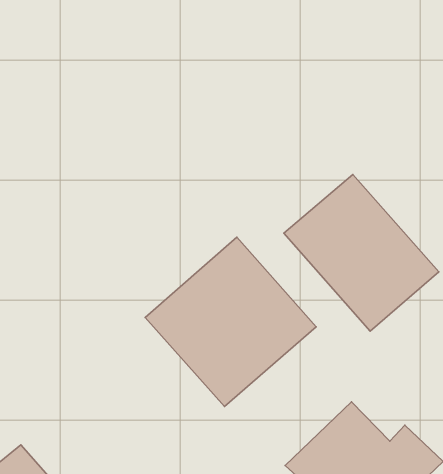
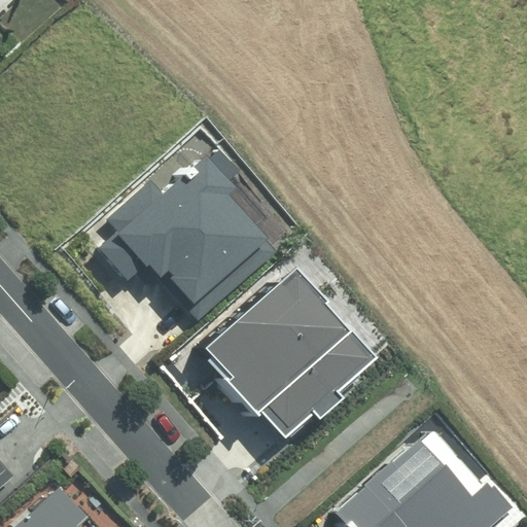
building: none -> [96,154,285,323]
building: [284,174,439,331] -> none

